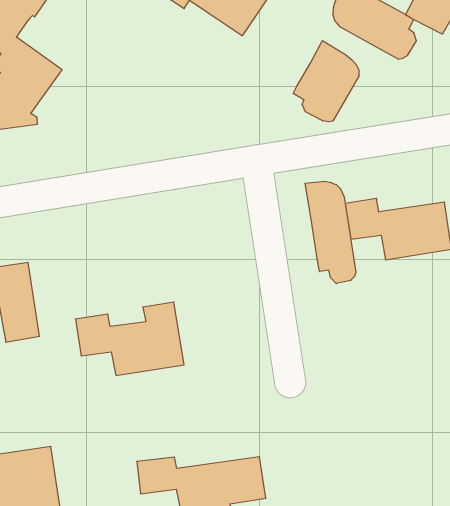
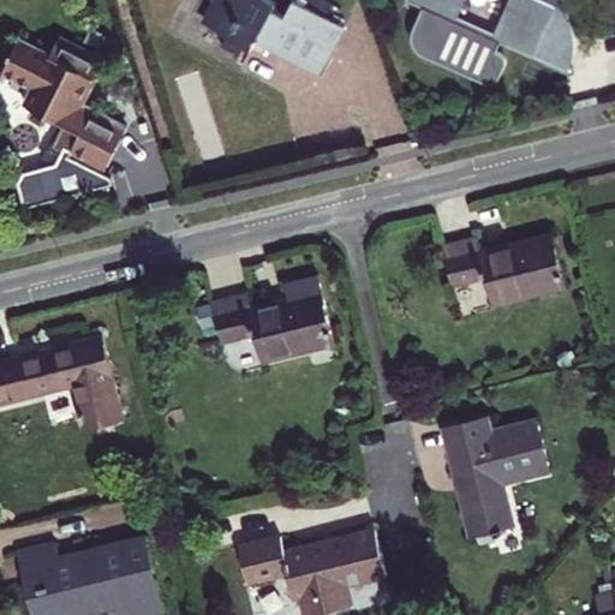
building: [293,41,359,122] -> none
building: [305,181,356,284] -> none
building: [75,302,184,375] -> [210,276,333,362]
building: none -> [443,418,545,548]

